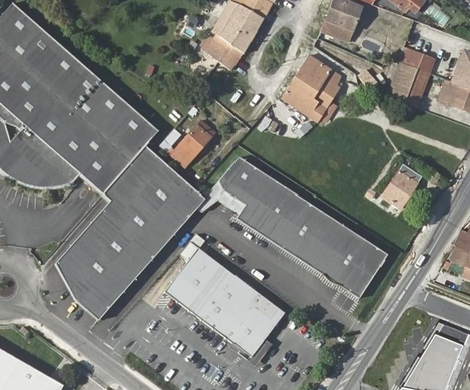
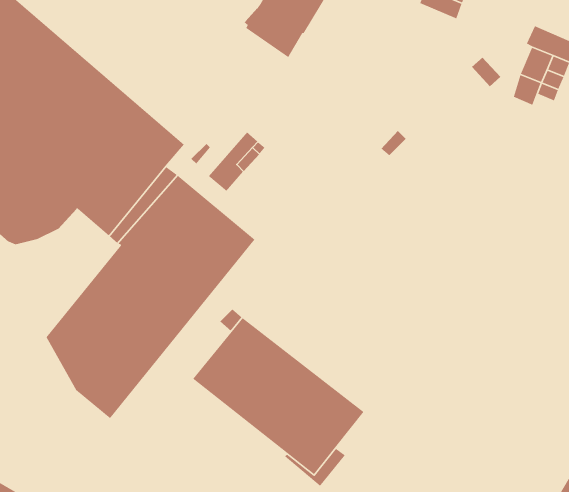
building: [284,55,341,121] -> none
building: [221,154,386,300] -> none
building: [383,165,421,208] -> none

